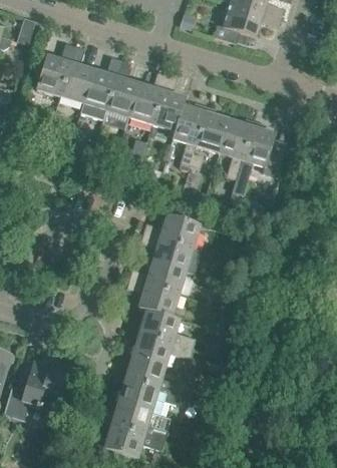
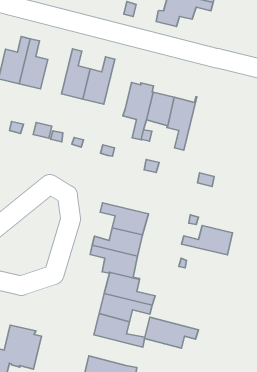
building: [82,58,120,110] -> none
building: [151,75,185,131] -> none
building: [237,122,282,183] -> none
building: [143,214,201,249] -> [182,226,233,255]
building: [118,379,179,415] -> [145,317,199,348]

